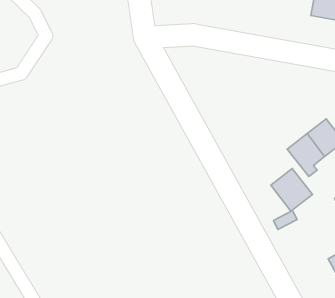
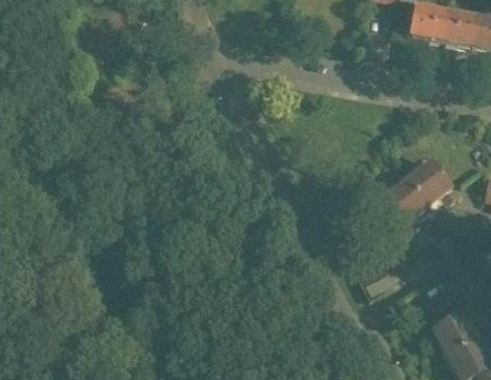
building: [271,168,312,211] -> none

